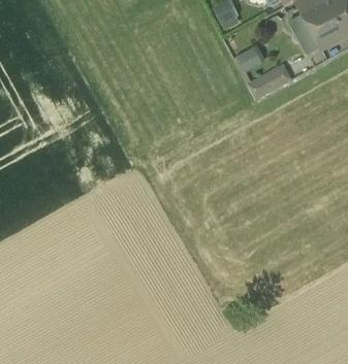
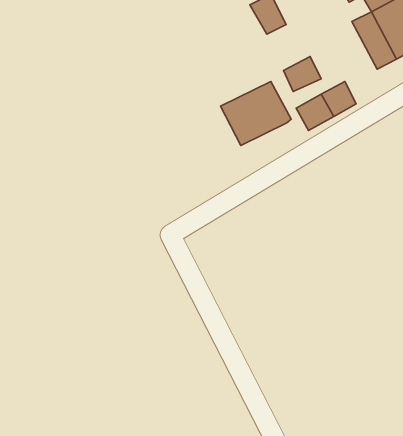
building: none -> [220,81,291,146]

